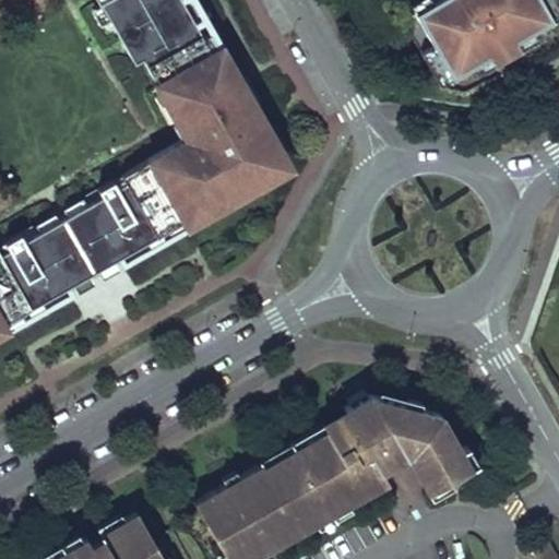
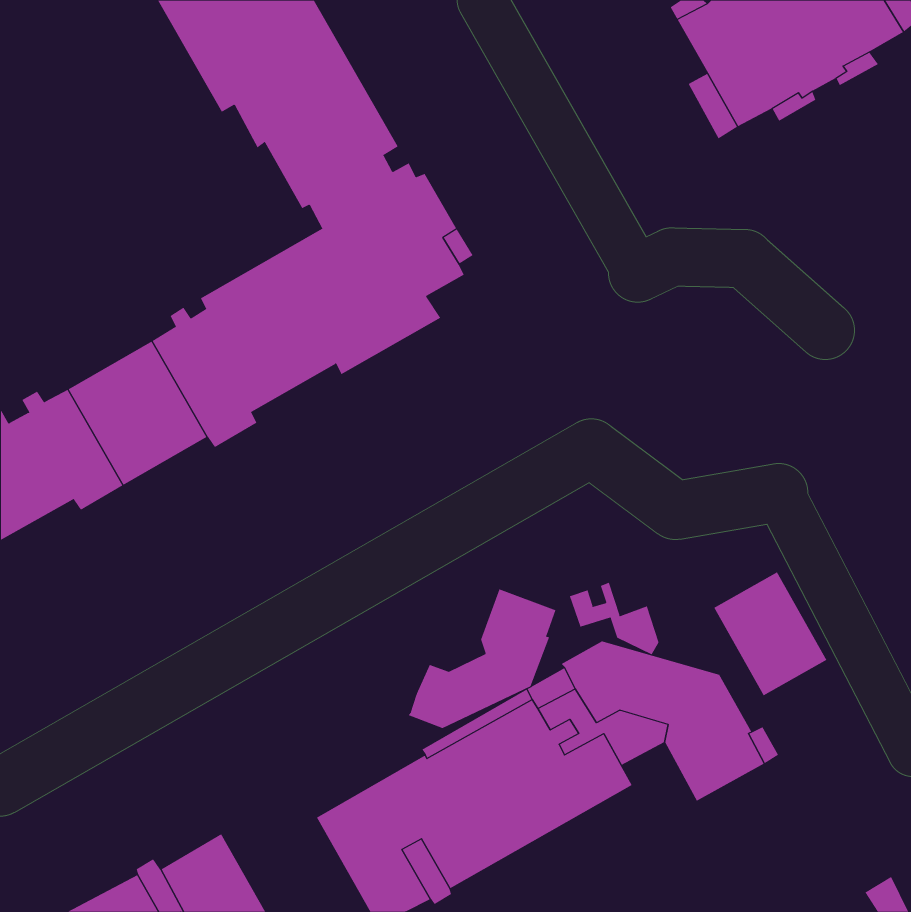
building: none -> [713,572,827,696]
building: none -> [569,582,659,655]
building: none -> [408,588,556,729]

